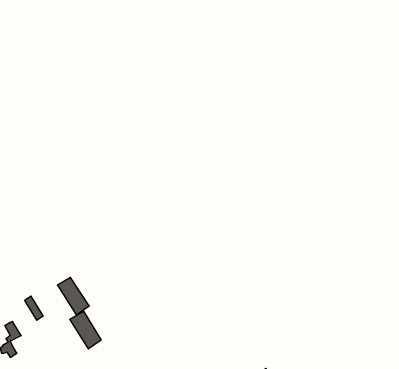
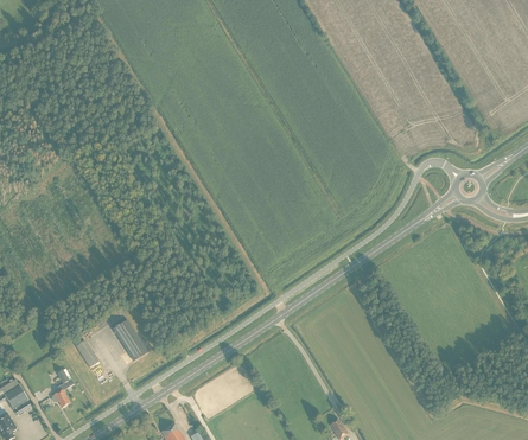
building: [70,311,101,349] -> none

